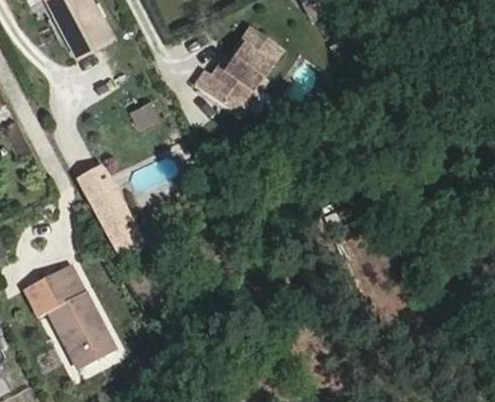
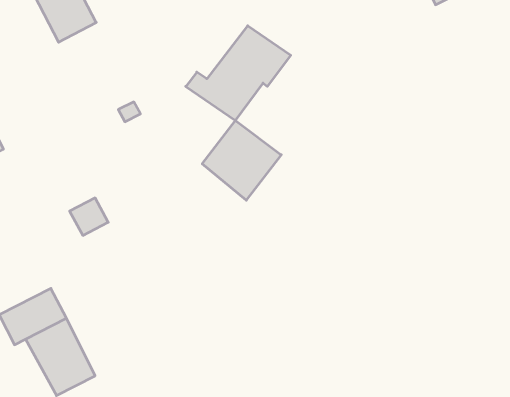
building: none -> [202,121,281,200]
building: [74,160,112,201] -> none
building: [101,211,138,252] -> none

